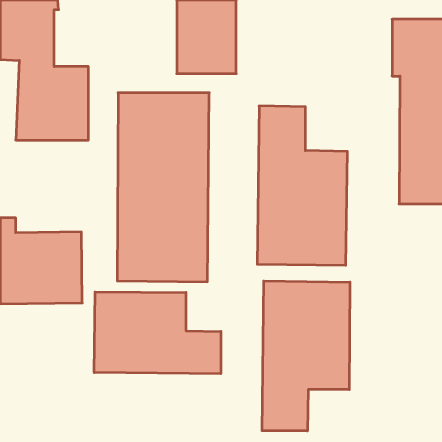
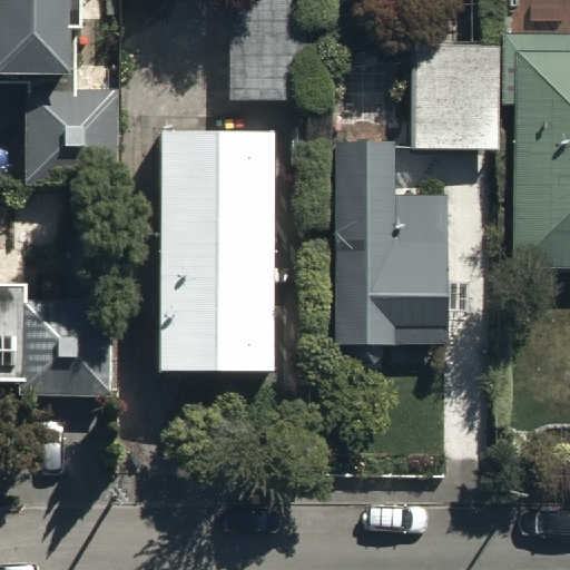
building: none -> [413,46,499,149]
building: [262,281,350,431] -> none
building: [94,292,221,374] -> none

